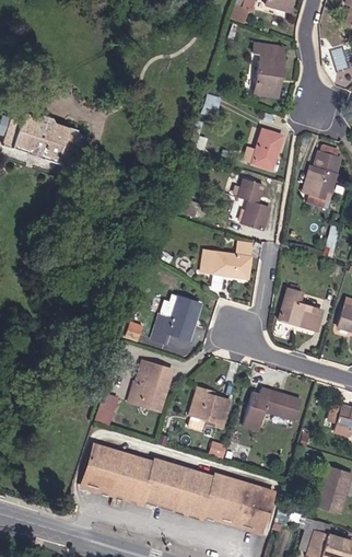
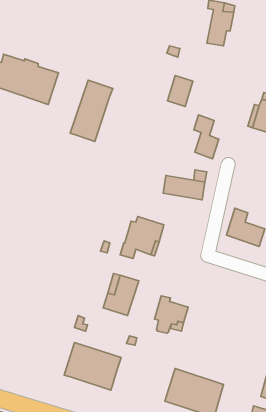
building: [250,128,280,164] -> [168,76,193,106]
building: none -> [70,80,113,142]
building: [243,392,302,431] -> none
building: [142,457,215,515] -> none

